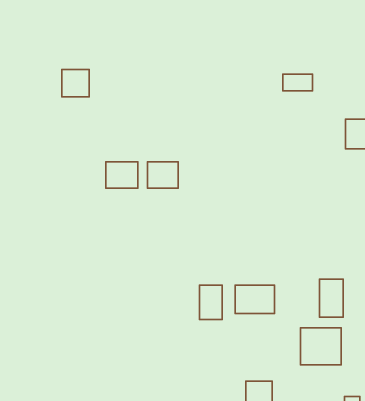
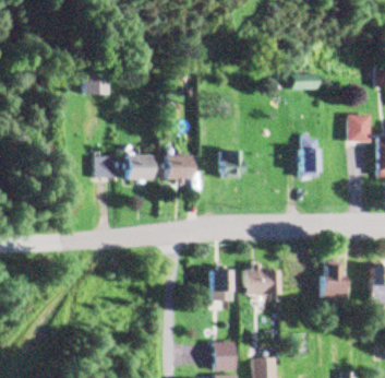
building: none -> [299,137,317,178]
building: none -> [219,151,240,178]
building: none -> [96,156,116,178]
building: [301,328,341,365] -> none
building: none -> [213,342,236,370]

